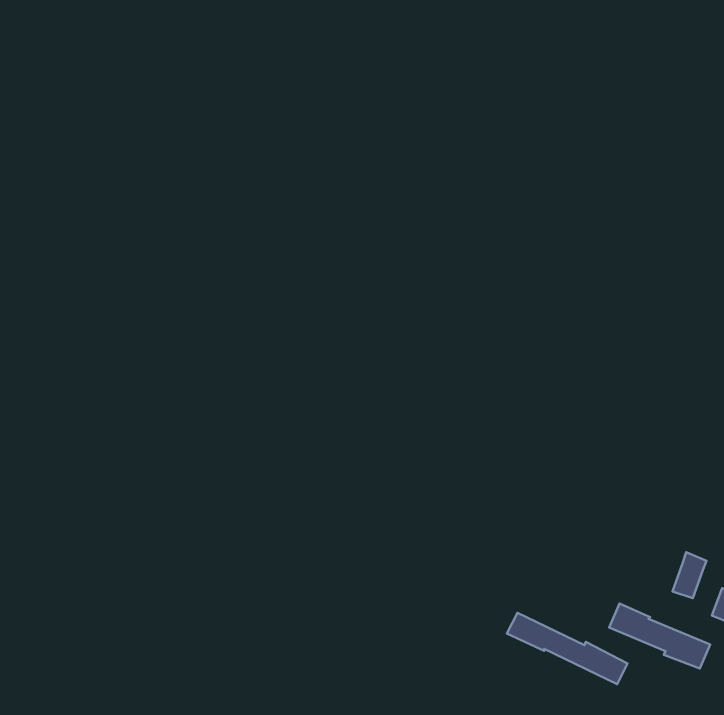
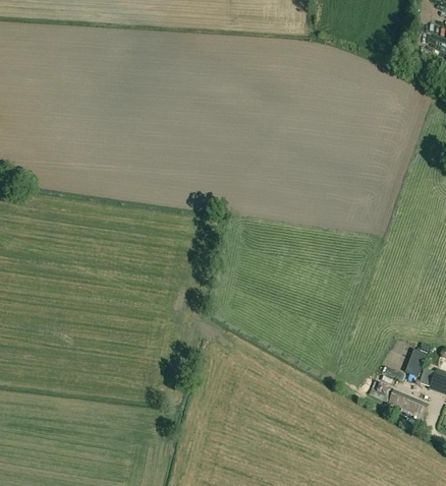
building: [507,613,627,684] -> none

